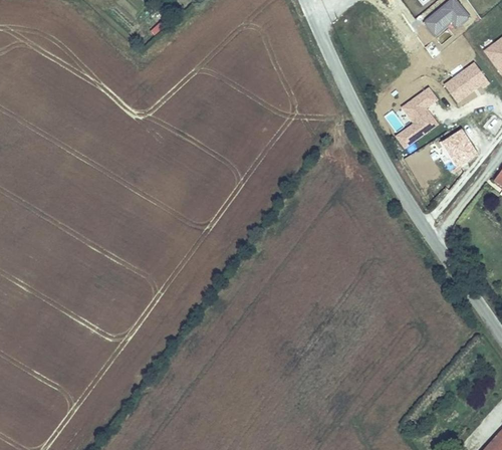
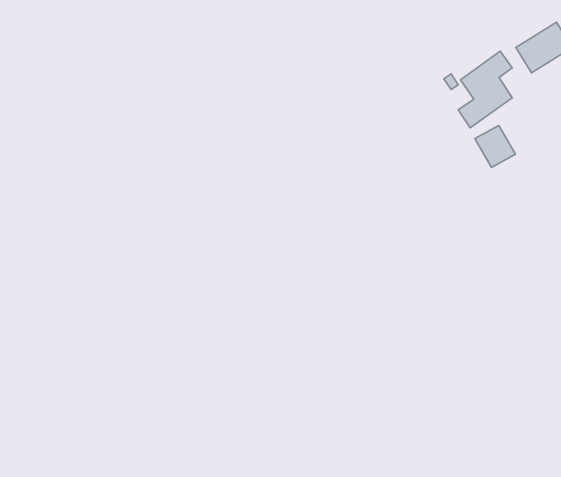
building: [441,130,475,165] -> [475,125,516,167]

